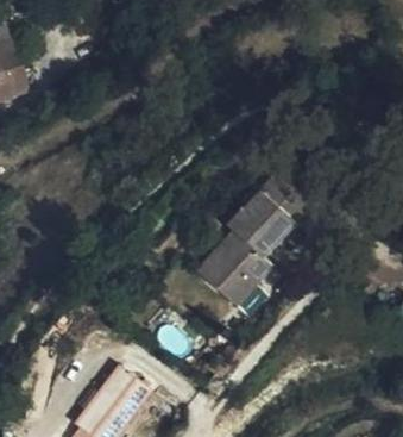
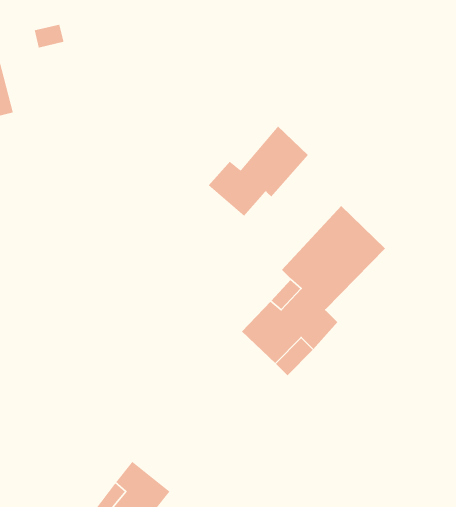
building: none -> [208,125,309,217]

